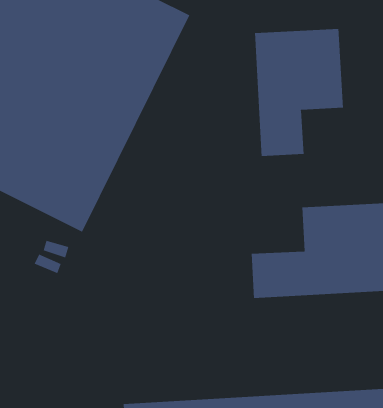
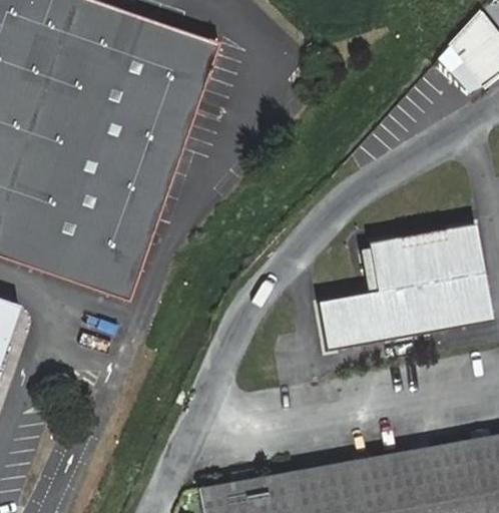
building: [255,28,343,157] -> none

